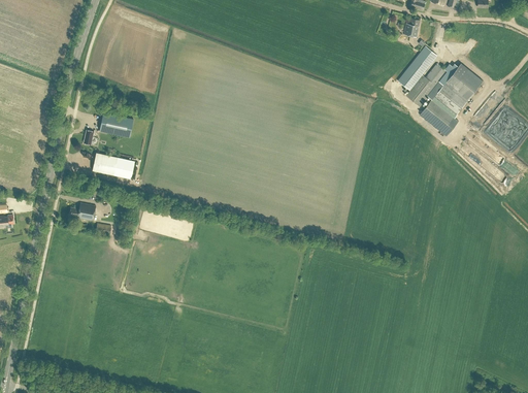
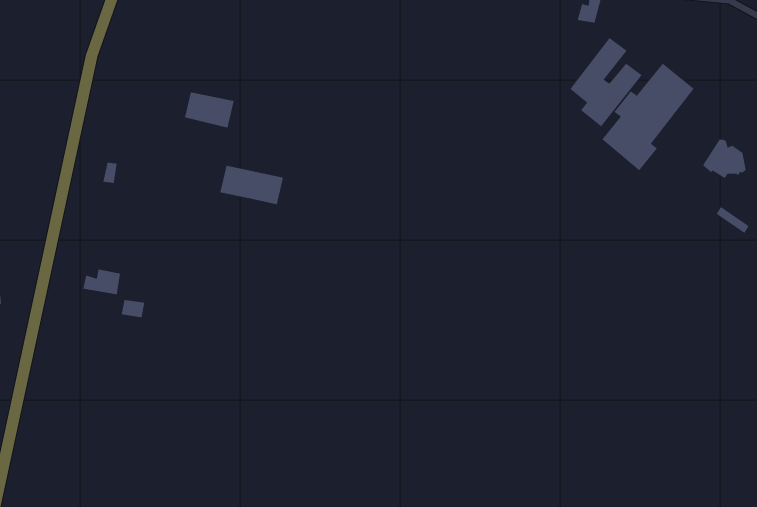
building: [99,112,133,137] -> [184,92,234,128]
building: [92,152,135,178] -> [220,165,284,205]

